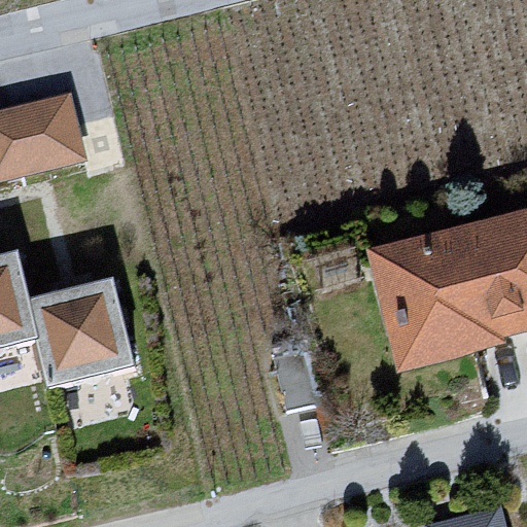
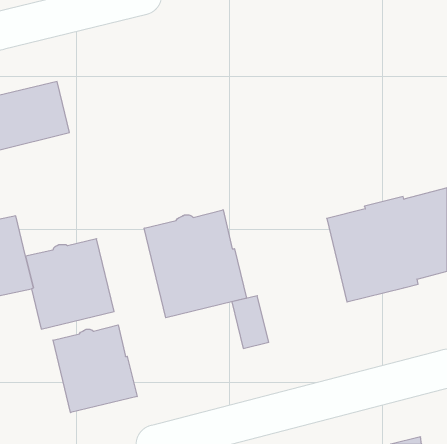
building: none -> [144,210,246,318]
building: none -> [53,325,137,413]

